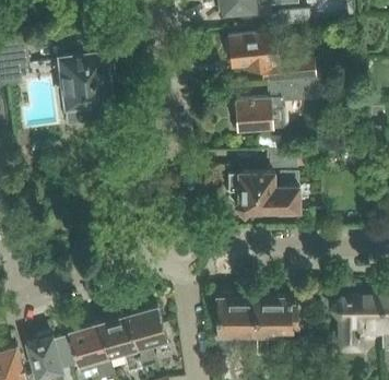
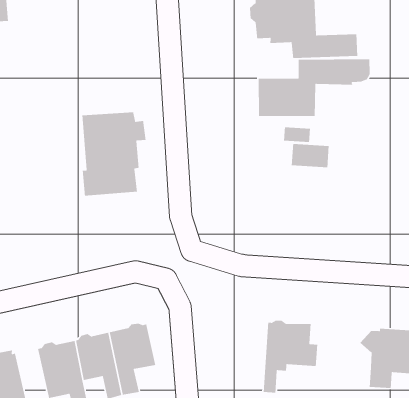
building: [61,52,116,124] -> [81,112,147,197]
building: [228,171,299,216] -> none
building: [215,296,256,356] -> none

